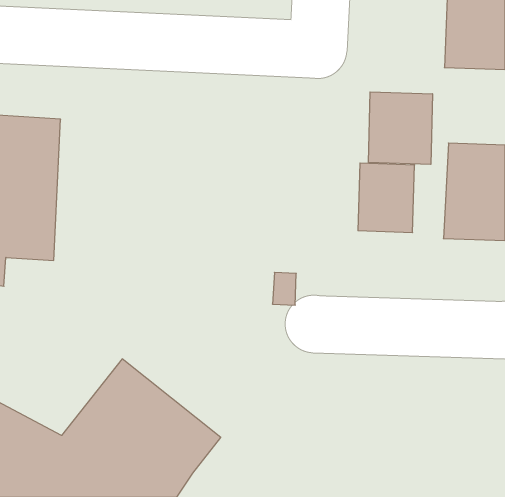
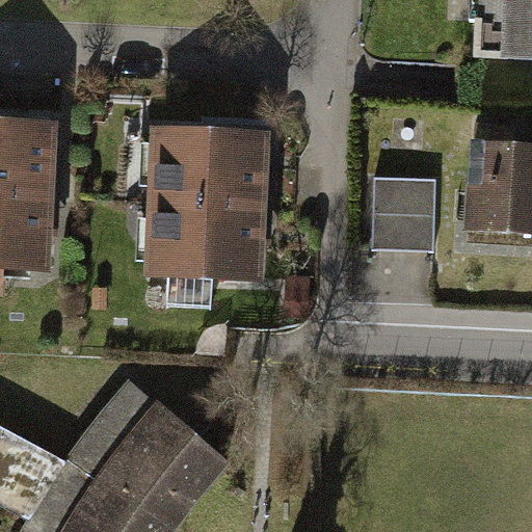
building: [368,92,432,164] -> none
building: none -> [137,137,269,293]

